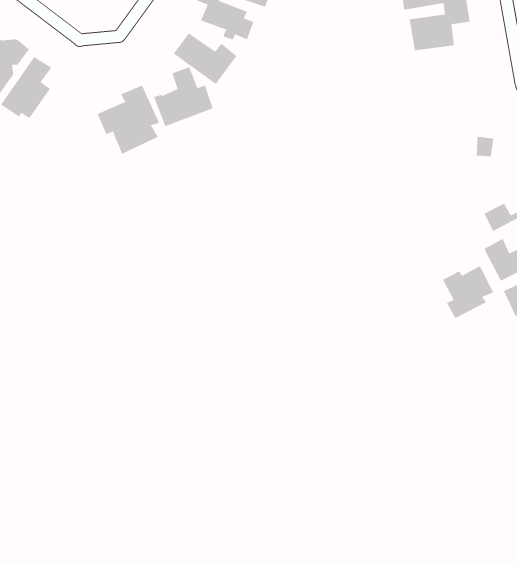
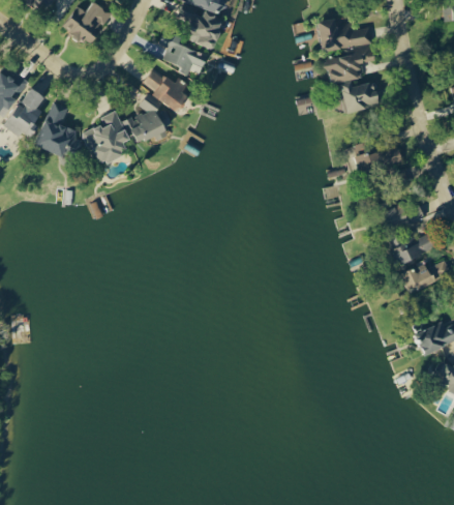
building: none -> [340,82,381,114]
building: none -> [33,101,74,157]
building: none -> [351,143,373,176]
building: [442,265,494,319] -> none

